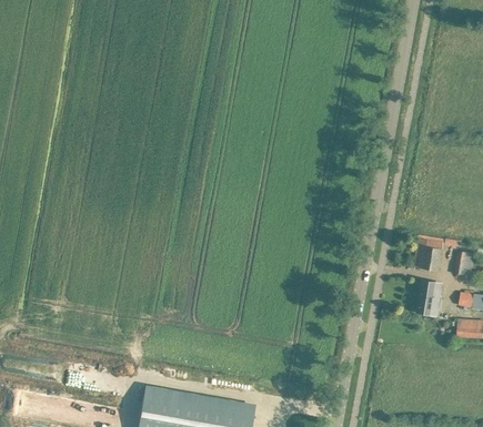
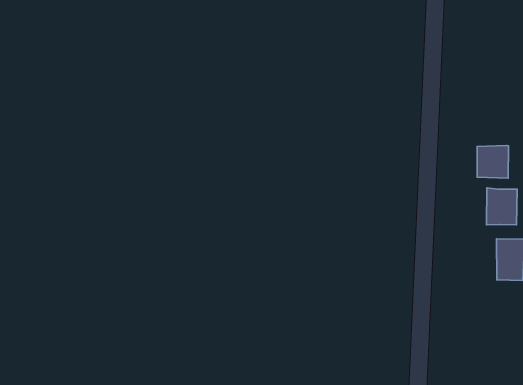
building: none -> [477,145,509,178]

